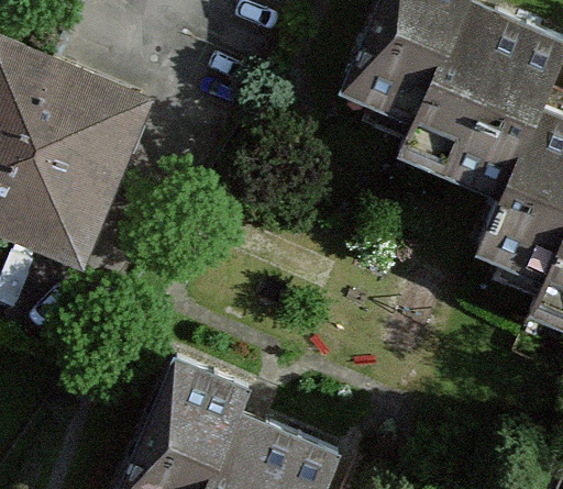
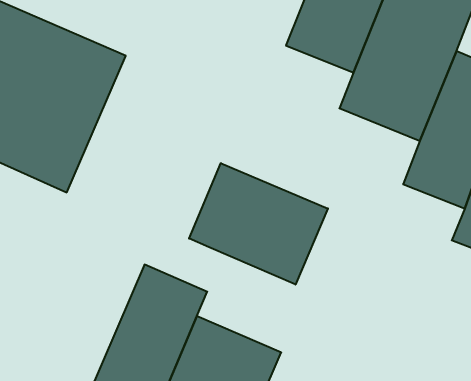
building: none -> [189,163,328,285]

